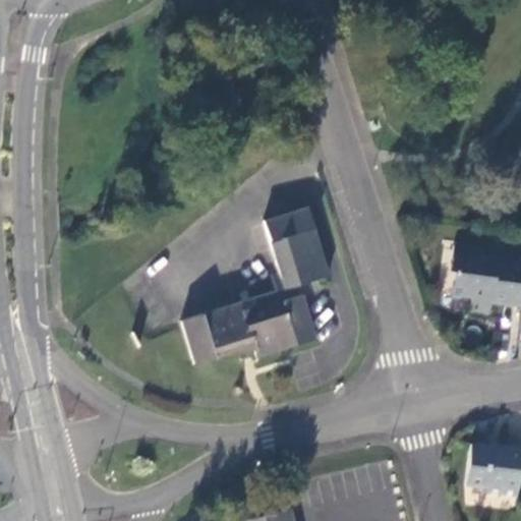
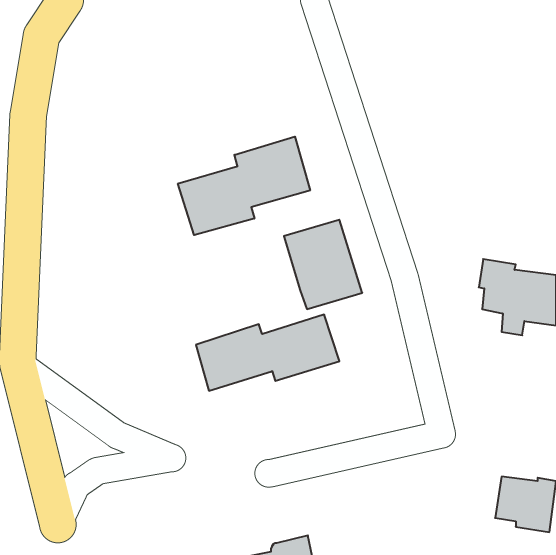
building: none -> [178,137,310,235]

